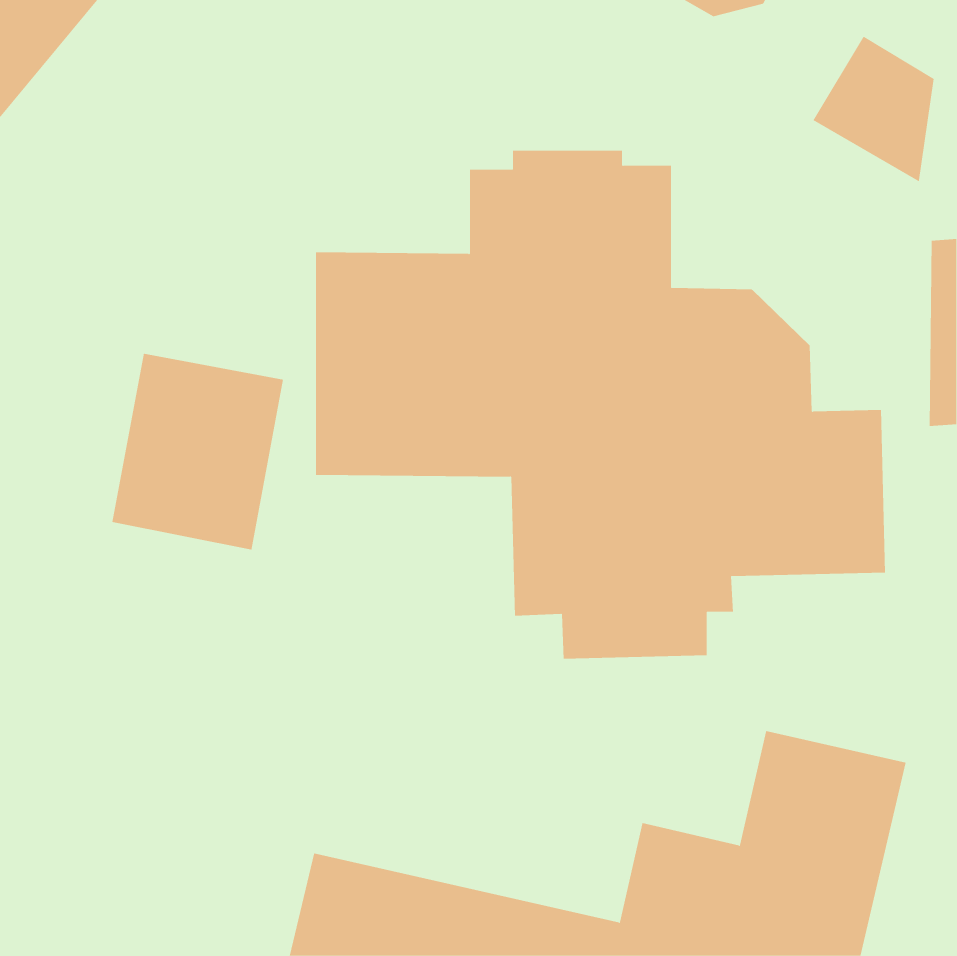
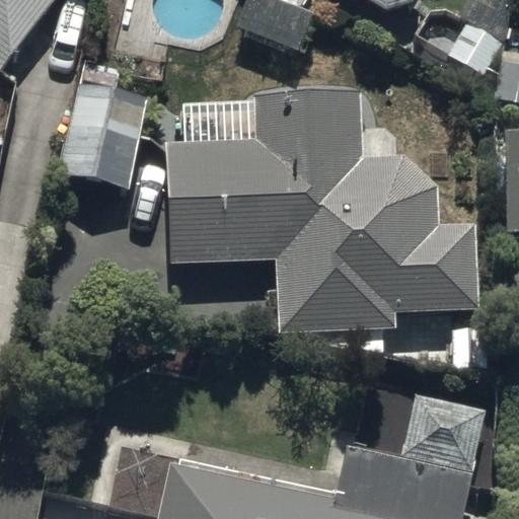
building: [111,353,284,550] -> [55,82,148,189]

